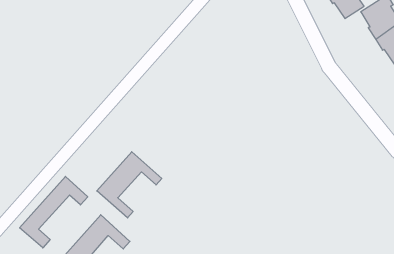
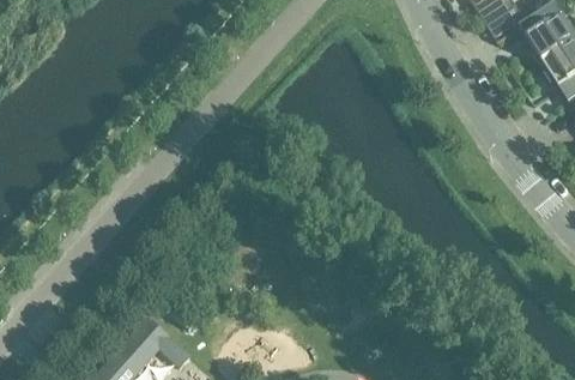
building: [97,152,162,218] -> none
building: [20,176,88,248] -> none

